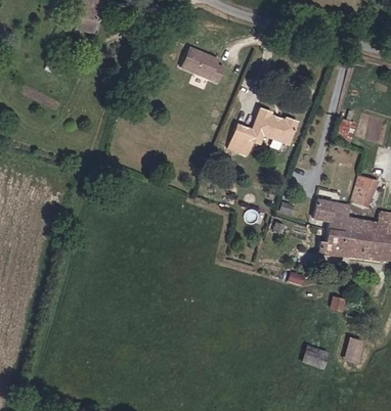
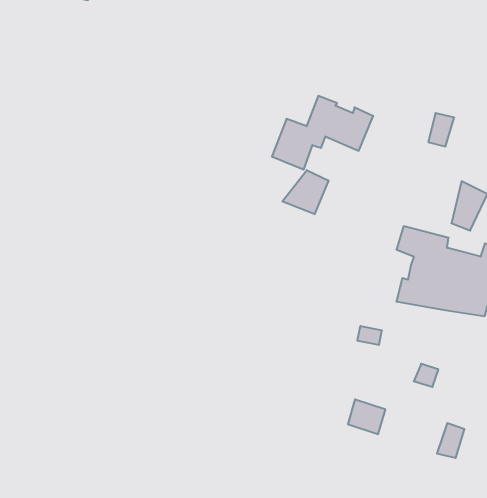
building: [181,49,225,82] -> none
building: none -> [282,170,328,214]
building: [303,345,330,369] -> [348,399,385,434]

